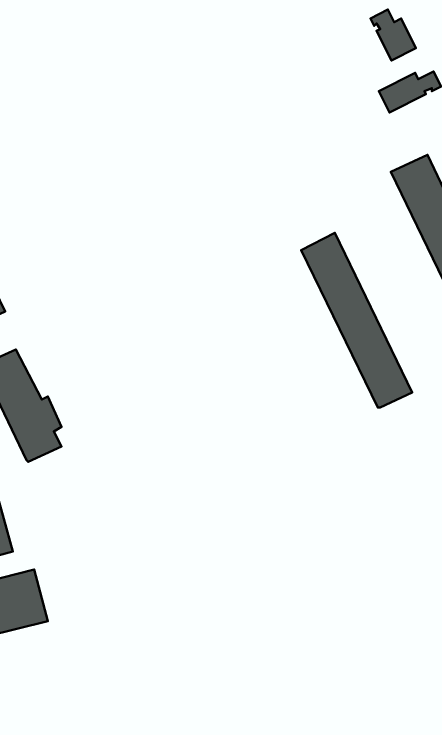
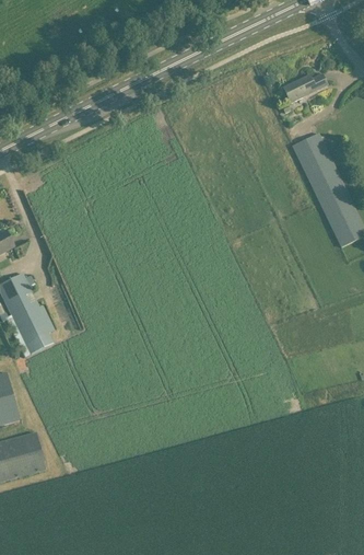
building: [370,10,416,61] -> none
building: [301,233,412,408] -> none

